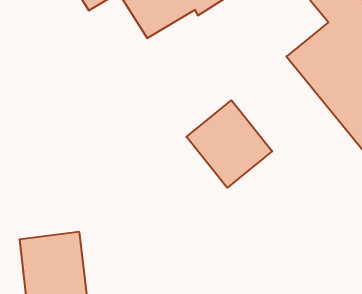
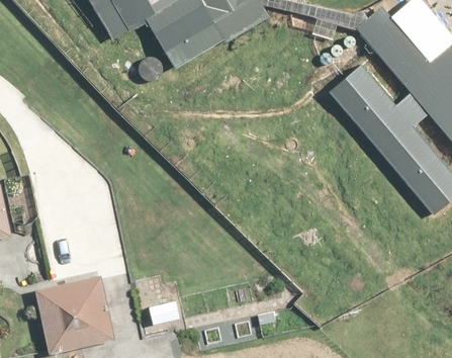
building: [186,100,272,188] -> none

